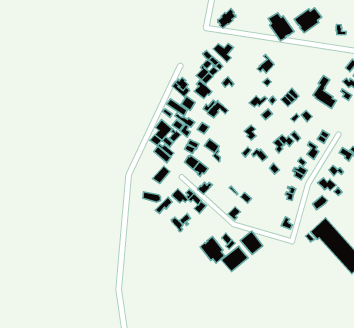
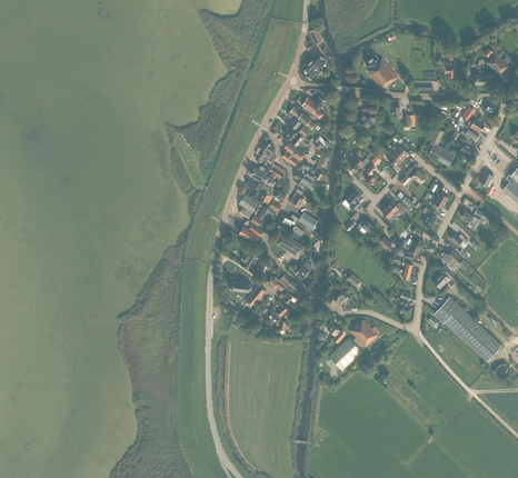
building: [294,8,322,33] -> none
building: [200,237,224,263] -> none

